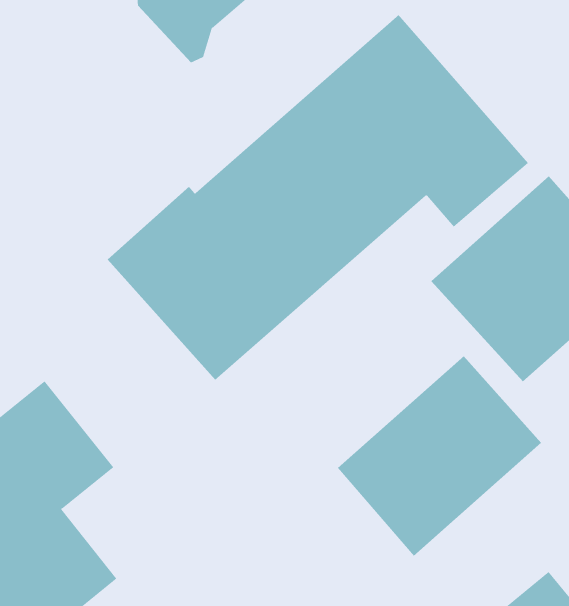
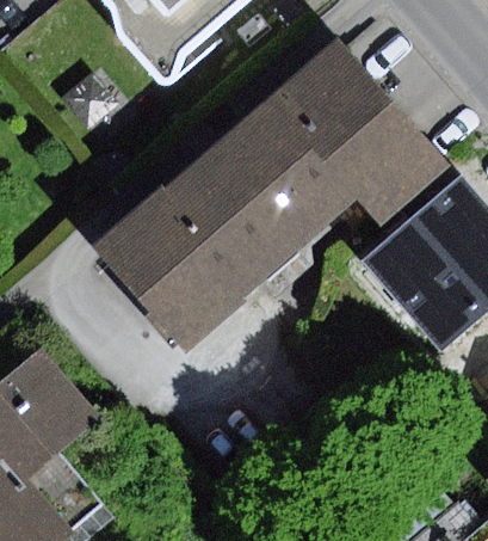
building: [337,355,542,557] -> none

